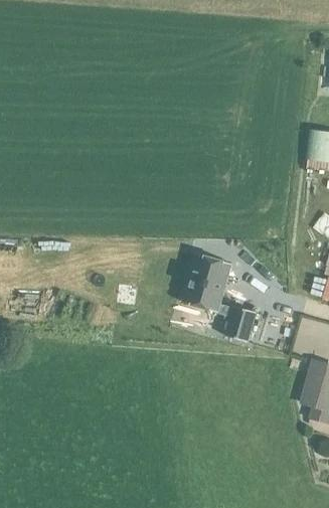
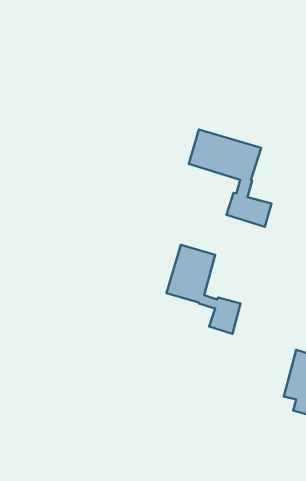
building: none -> [189,129,271,227]

